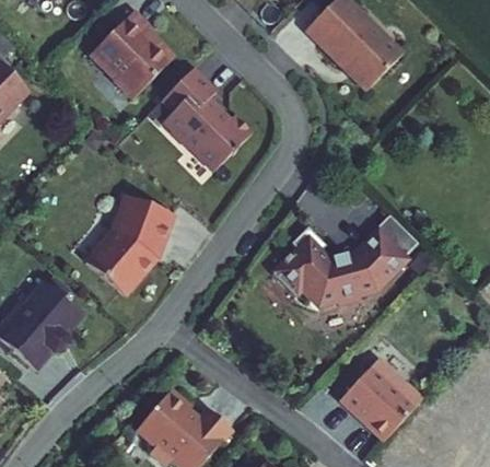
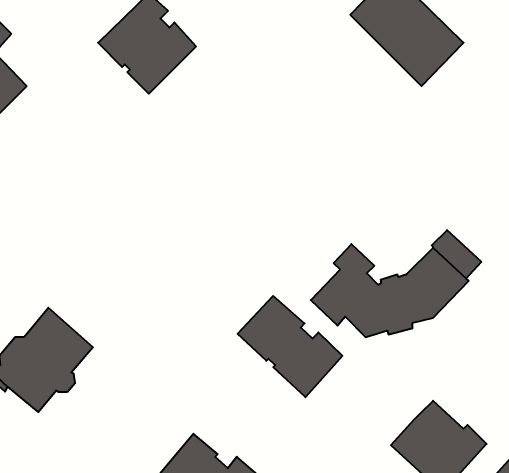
building: [161,69,252,172] -> none
building: [85,196,174,295] -> none
building: none -> [238,296,342,397]

